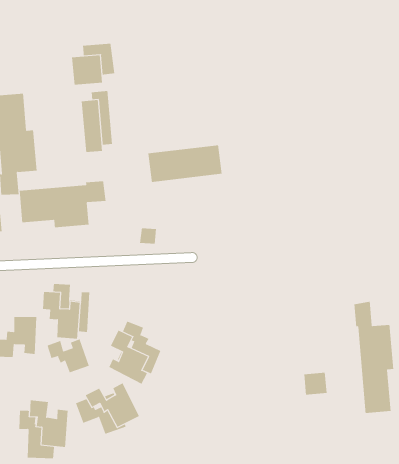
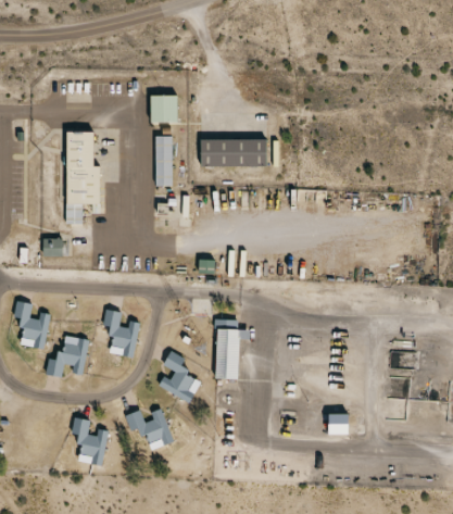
building: [148,145,222,182] -> [200,137,267,166]
building: [19,180,106,228] -> none
building: none -> [217,326,240,376]
building: [354,301,394,414] -> none
building: [47,338,90,373] -> none

